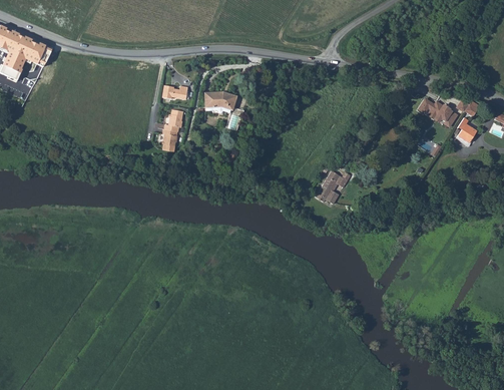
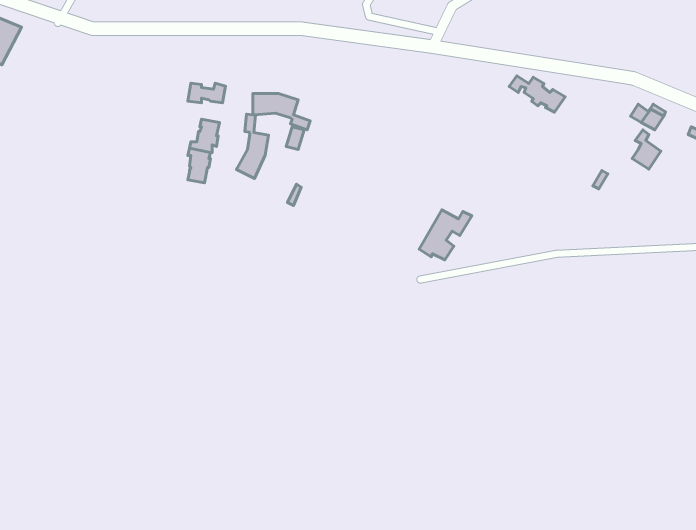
building: [420,100,457,124] -> [509,76,565,112]
building: none -> [237,114,268,178]

